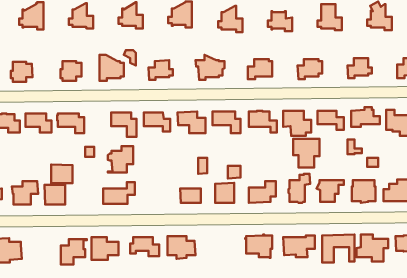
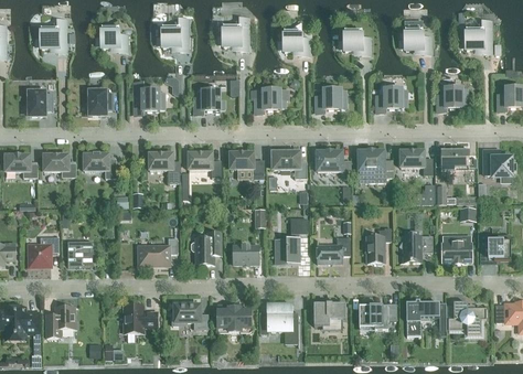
building: [293,139,319,167] -> none
building: [108,146,133,172] -> [191,232,222,264]
building: [51,164,73,183] -> none
building: none -> [259,303,298,334]
building: [61,239,87,264] -> [46,306,78,336]

